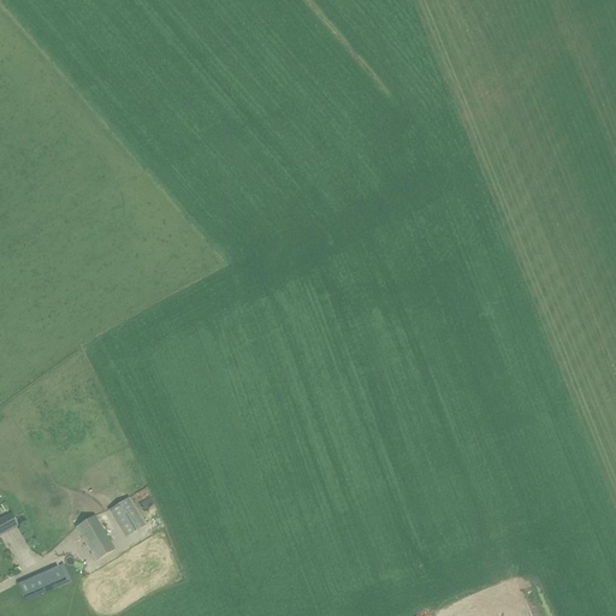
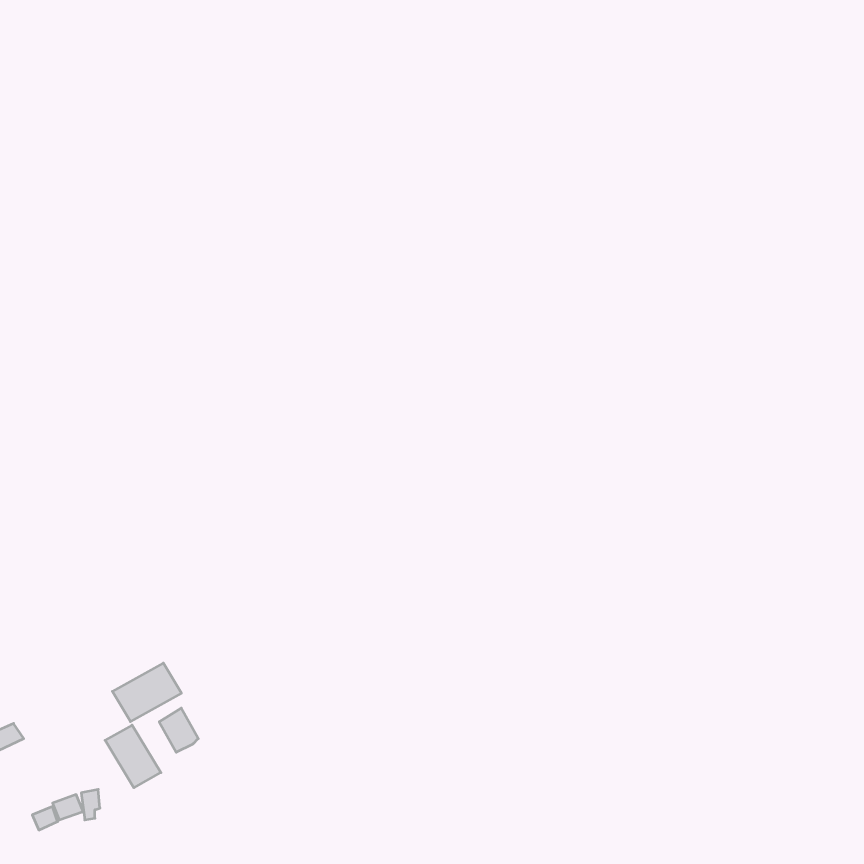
building: none -> [112,663,181,722]

